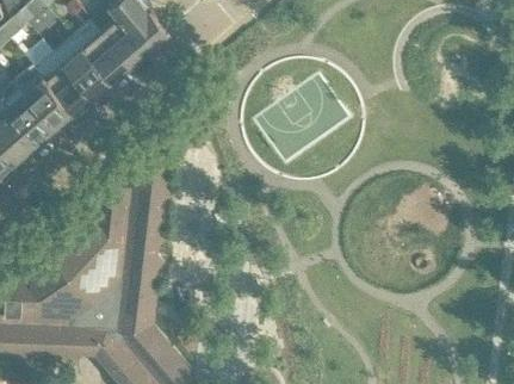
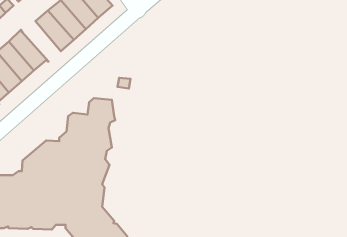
building: [35,54,91,113] -> none

